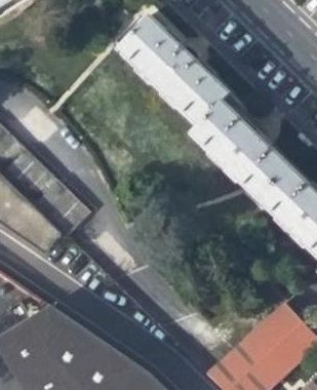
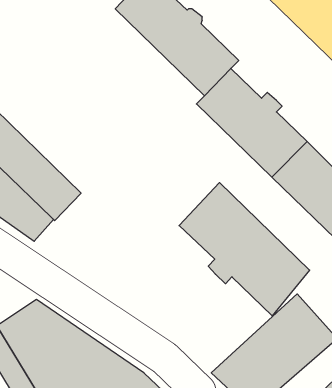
building: none -> [179,183,310,316]

